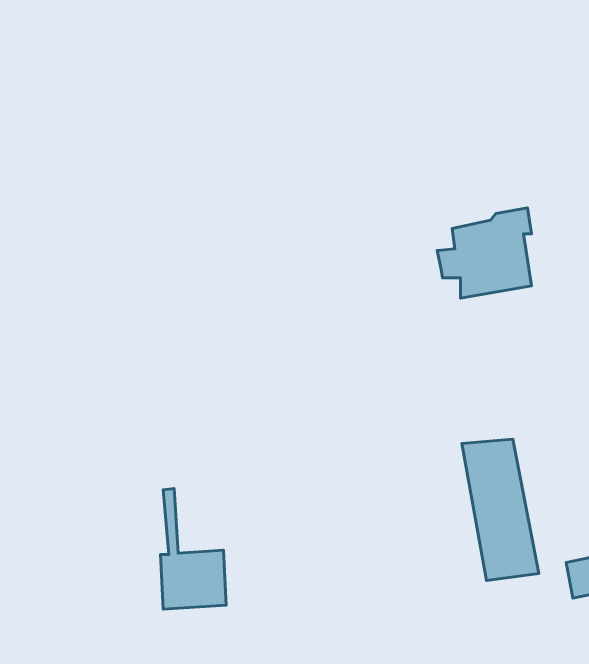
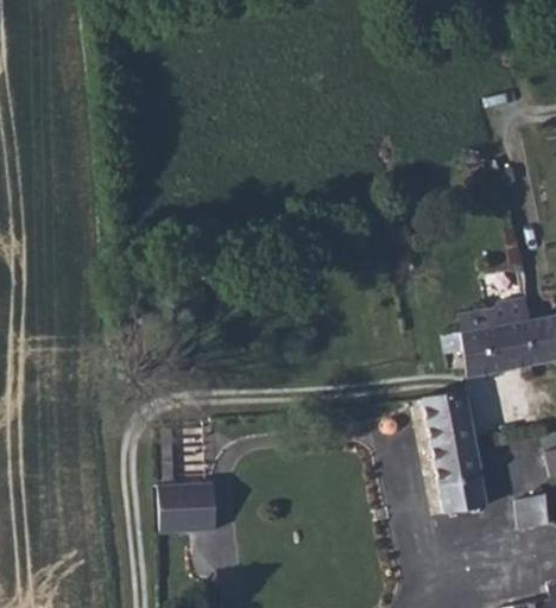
building: [437,208,532,298] -> [446,297,527,375]

